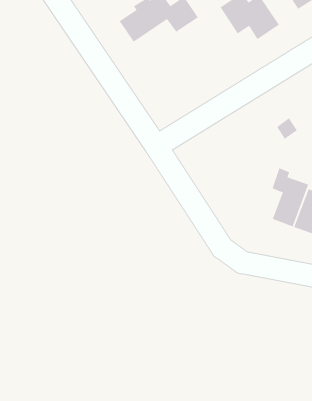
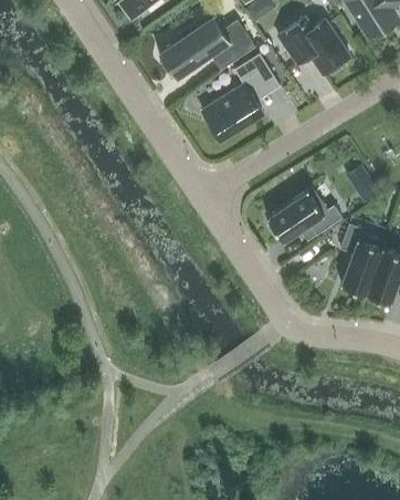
building: none -> [201,53,278,138]
building: none -> [266,187,341,241]

